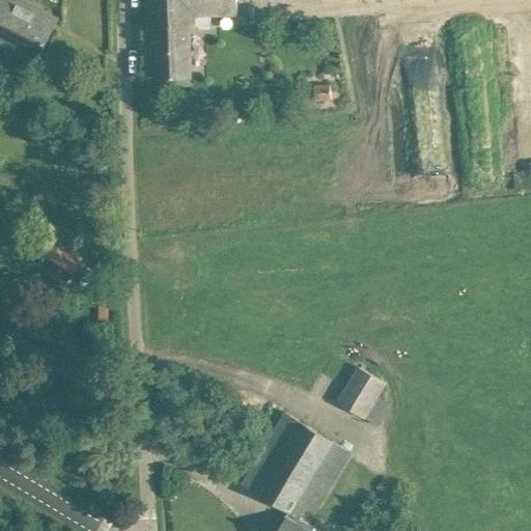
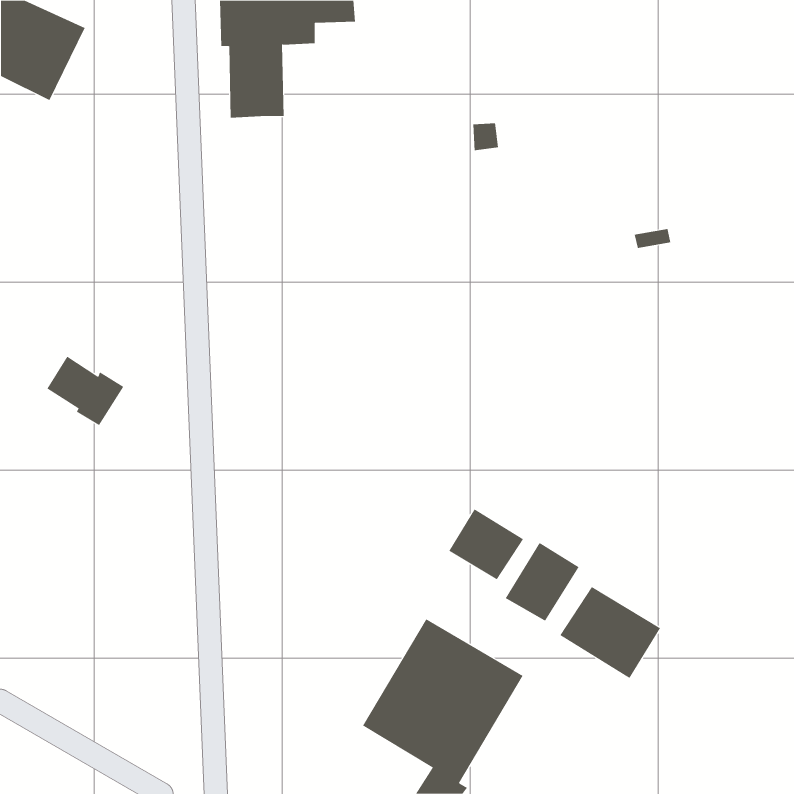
building: none -> [448,509,524,580]
building: none -> [560,586,661,679]

